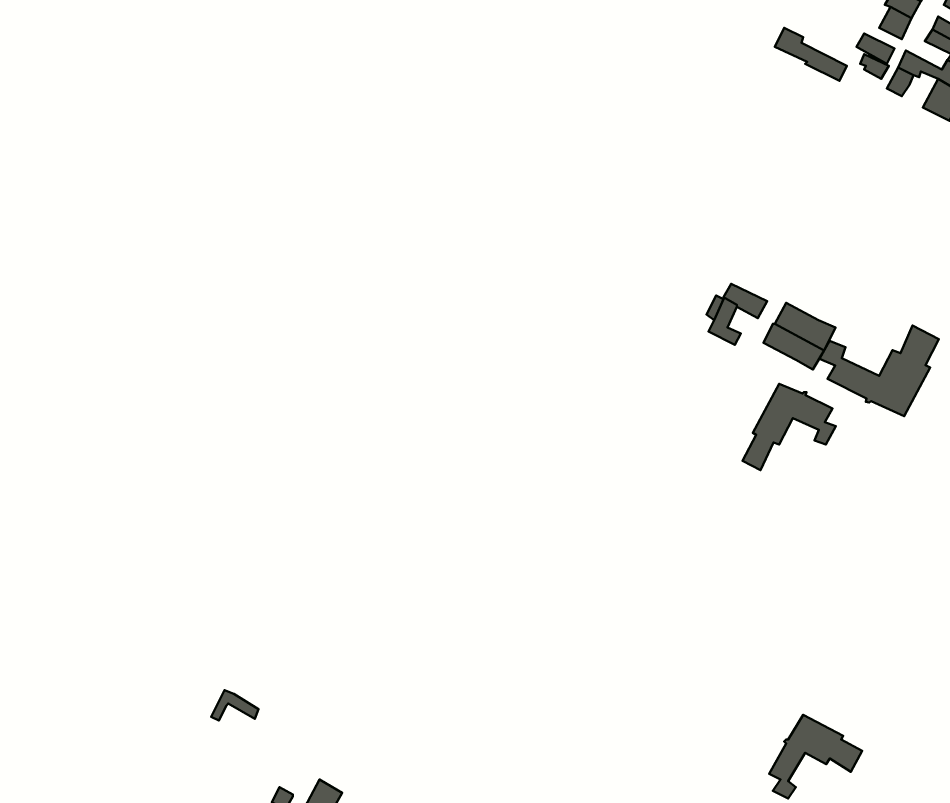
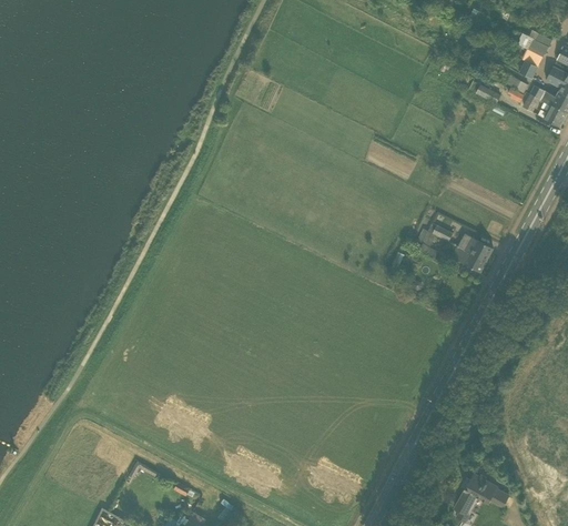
building: [819,326,939,416] -> none
building: [742,384,836,470] -> none

